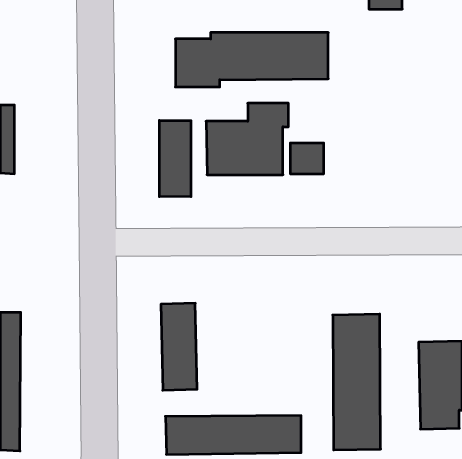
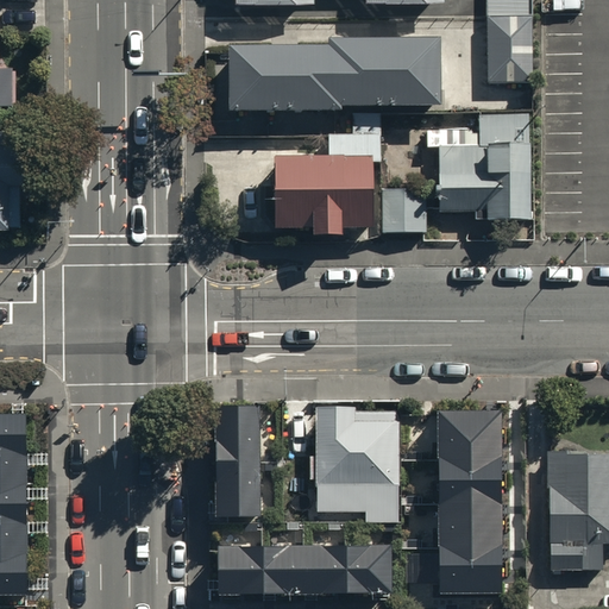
building: none -> [485,14,533,77]
building: none -> [434,118,527,219]
building: [159,120,191,197] -> none
building: none -> [316,401,398,516]

